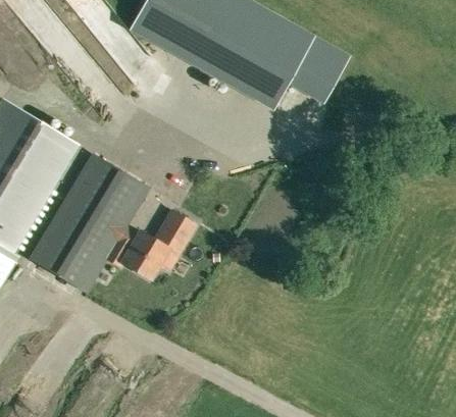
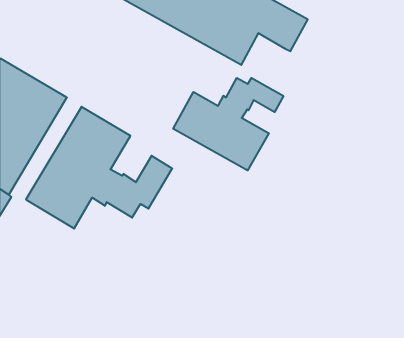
building: none -> [173,78,283,170]

